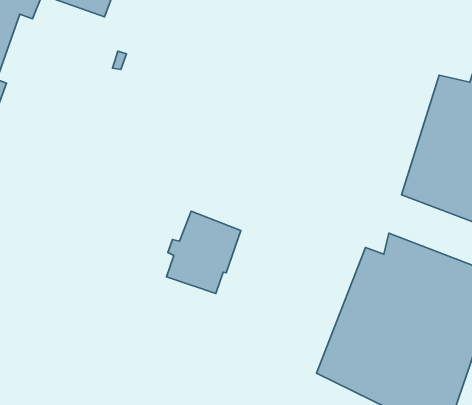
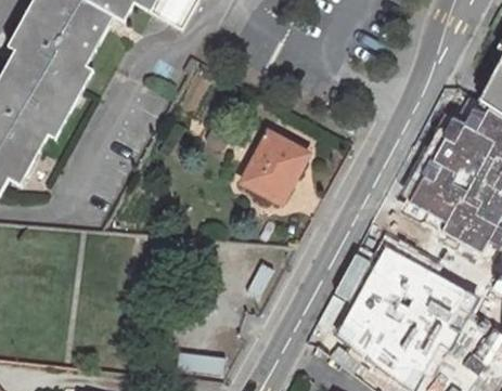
building: [166,211,241,293] -> [242,129,308,198]

